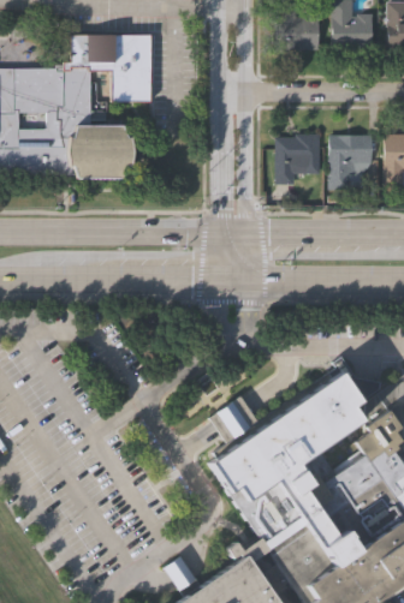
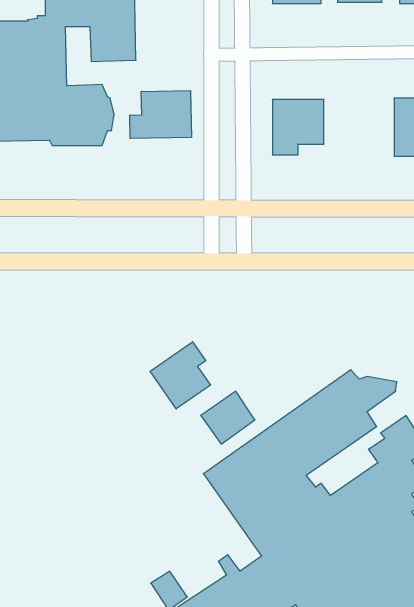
building: none -> [130,91,191,139]
building: [328,135,369,189] -> none
building: none -> [150,342,210,409]

